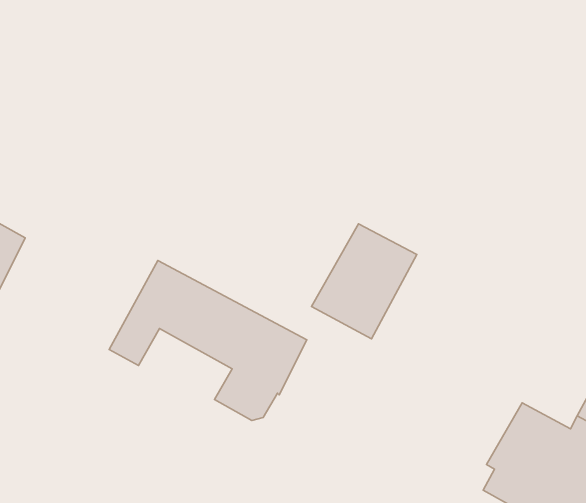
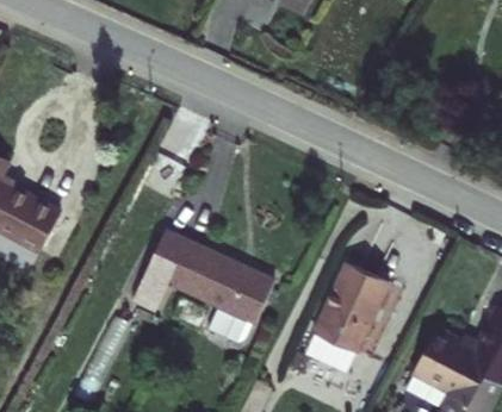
building: [312,224,417,339] -> [318,264,396,349]

